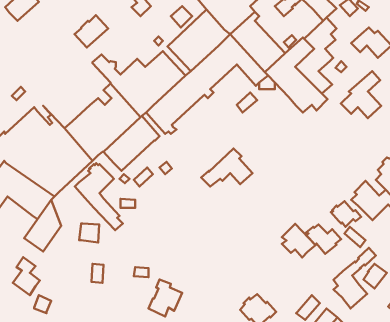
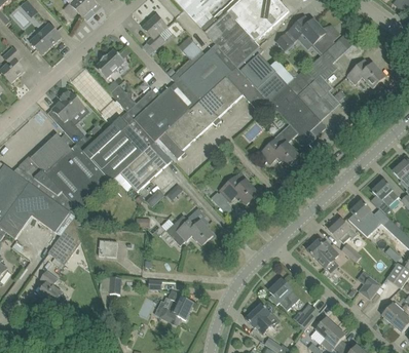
building: [341,71,381,118] -> [261,123,298,166]
building: [75,163,123,230] -> [47,90,91,152]
building: none -> [165,214,213,245]
building: [282,224,315,257] -> [268,278,299,309]
building: [334,248,376,309] -> none

